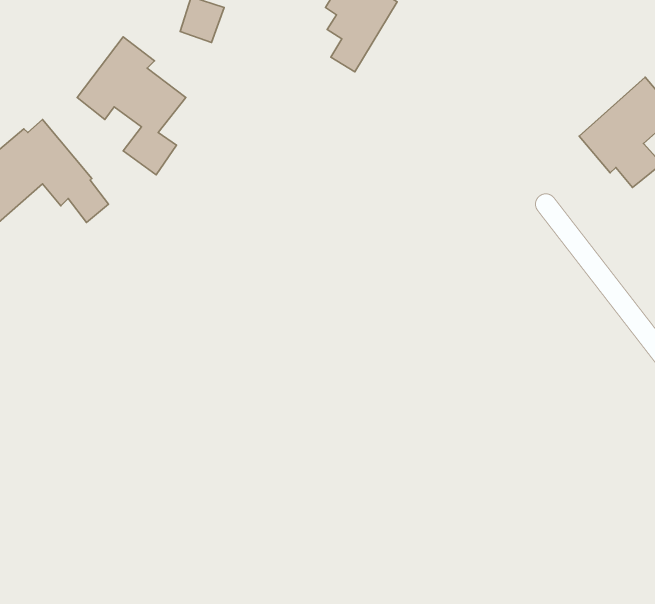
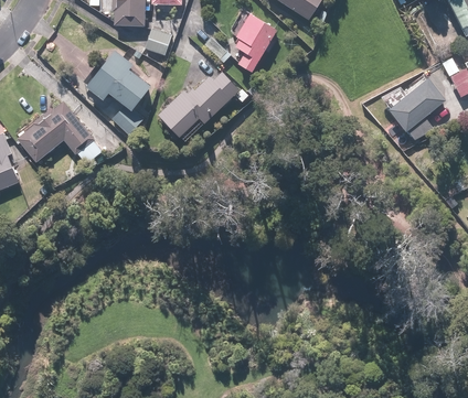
building: none -> [157,73,238,143]

